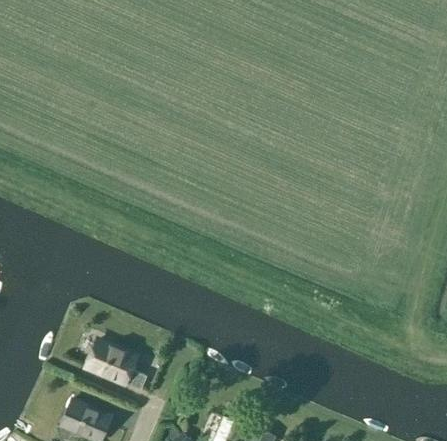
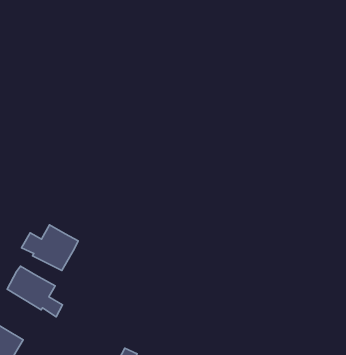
building: none -> [22,225,78,270]

